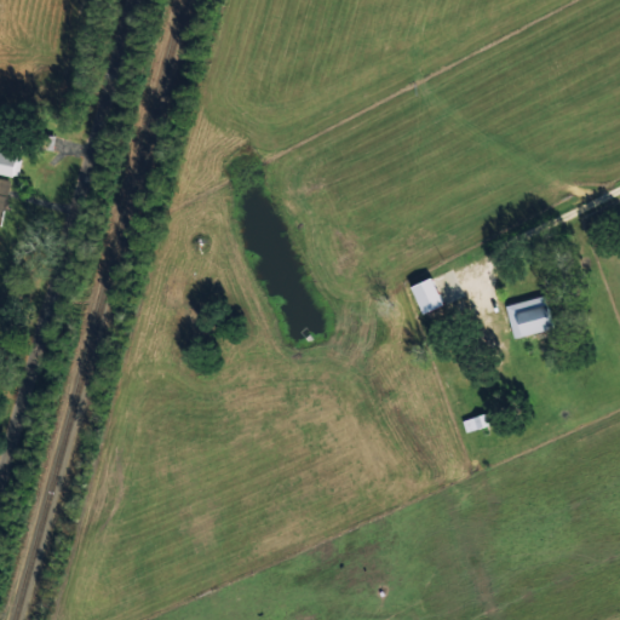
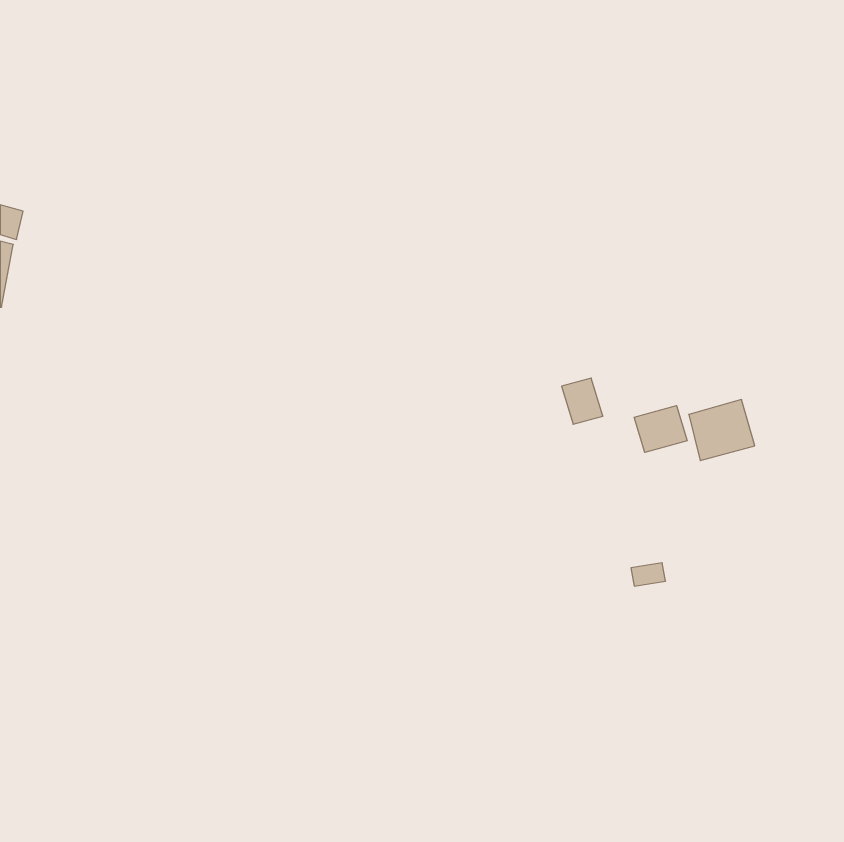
building: none -> [634,406,687,452]

